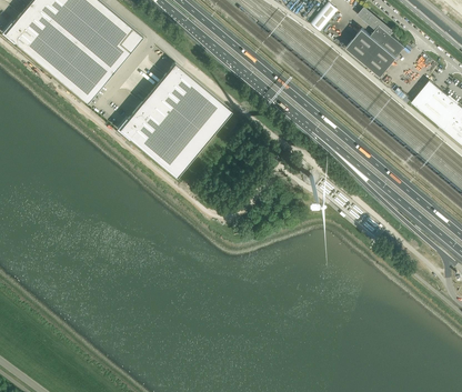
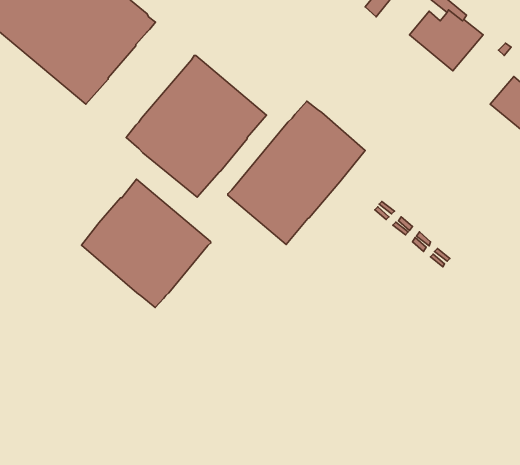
building: none -> [228,101,365,244]
building: none -> [81,179,211,307]

